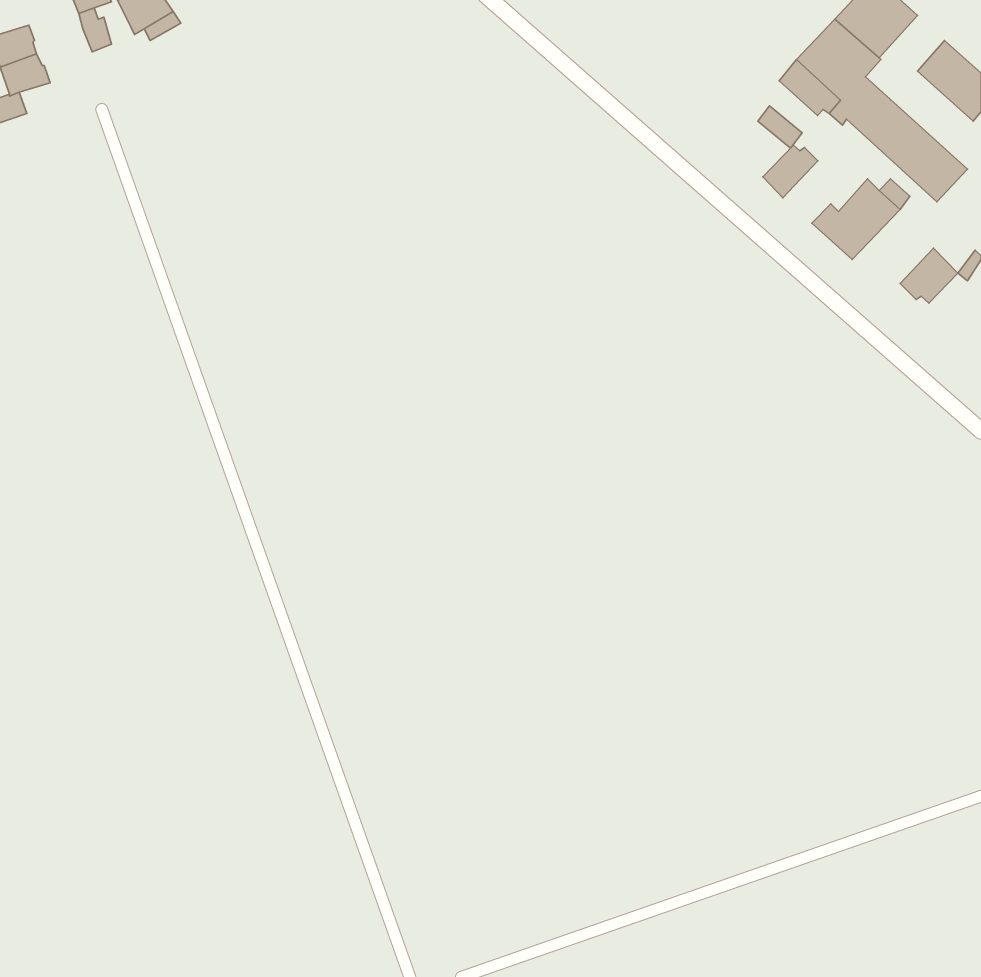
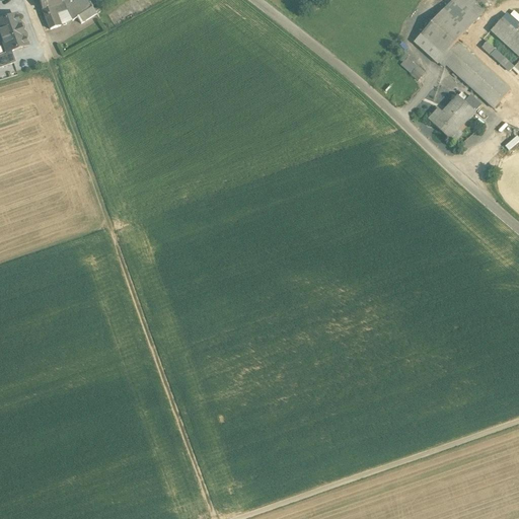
building: [763,145,818,198] -> none
building: [900,248,958,303] -> none

